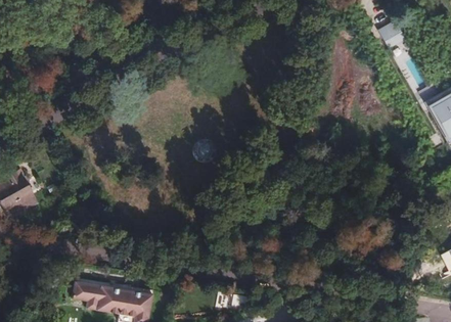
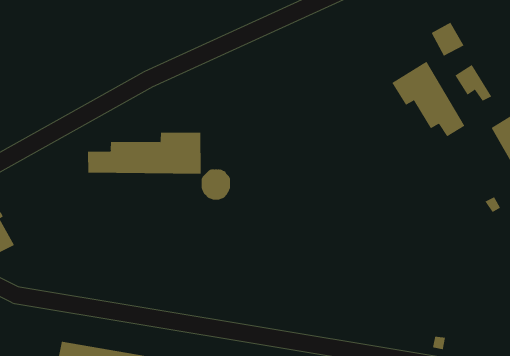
building: none -> [392,61,465,137]
building: none -> [88,132,201,174]

